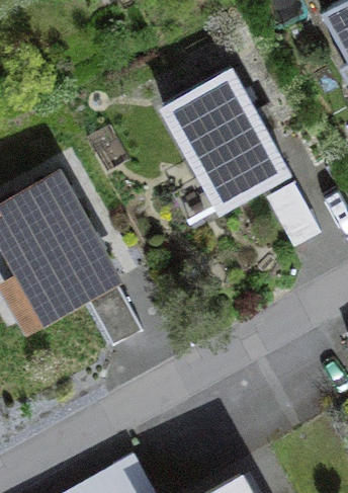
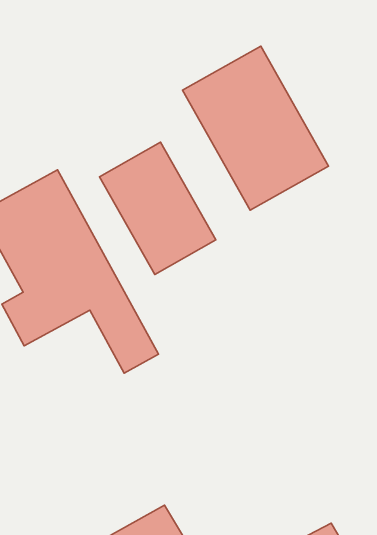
building: none -> [100,142,216,275]

